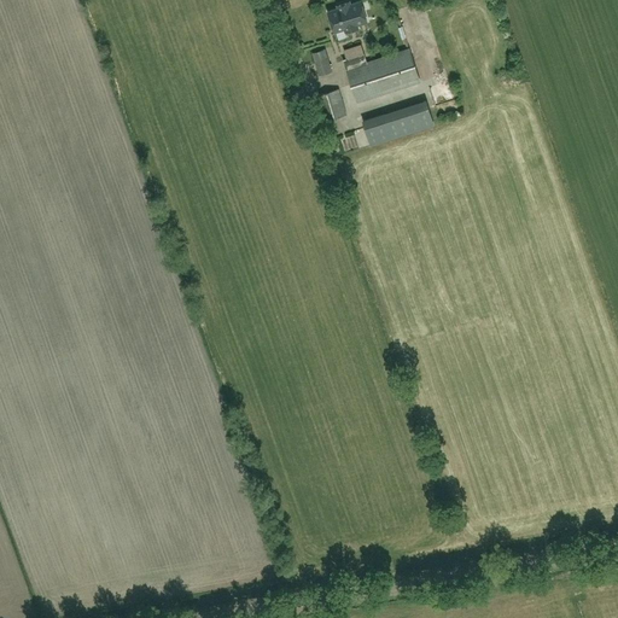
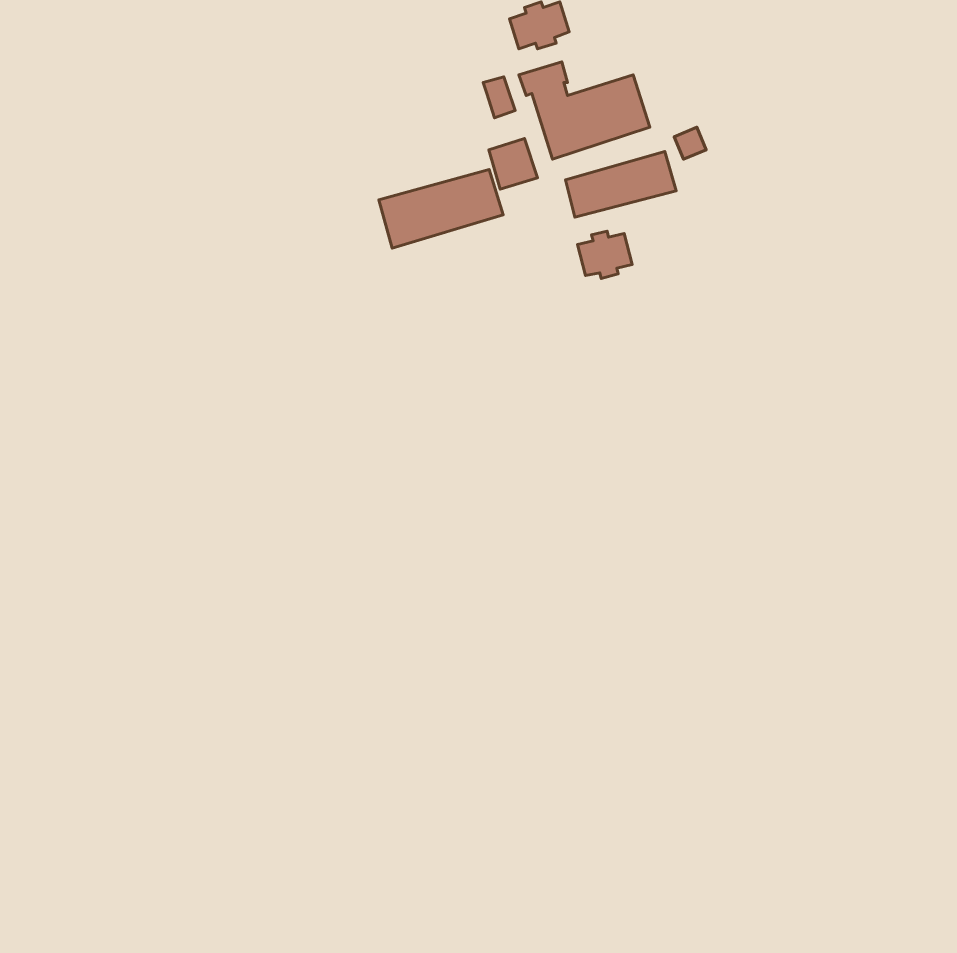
building: none -> [379,170,503,248]
building: none -> [577,231,632,279]

